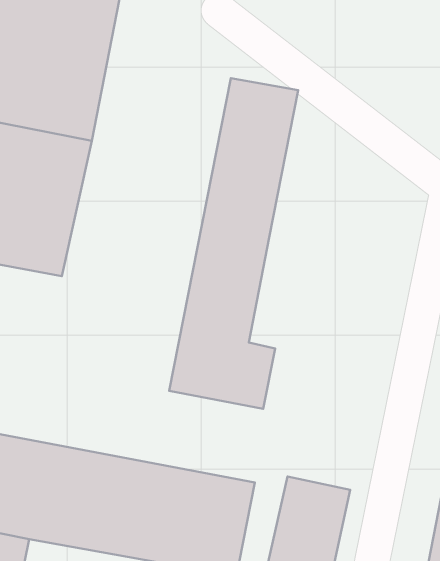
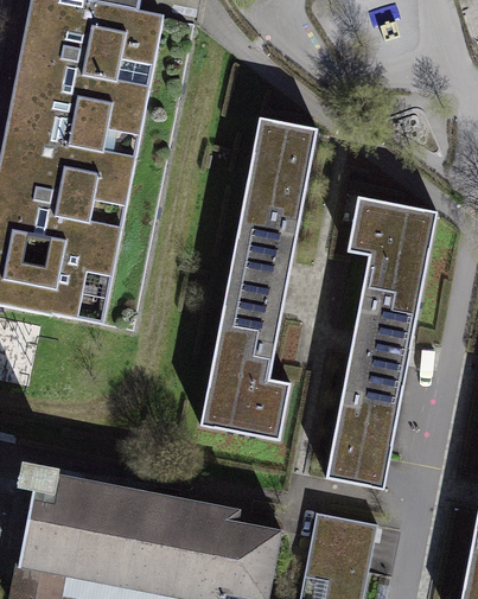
building: none -> [334,203,448,495]

